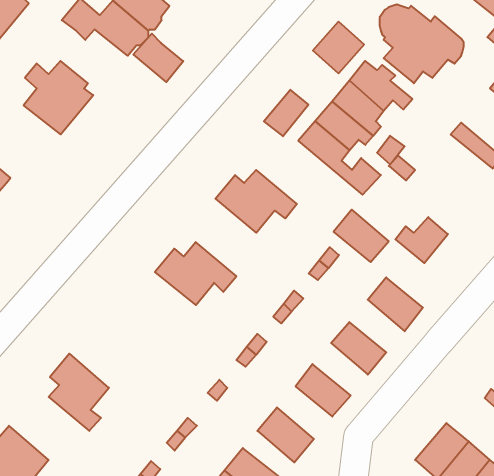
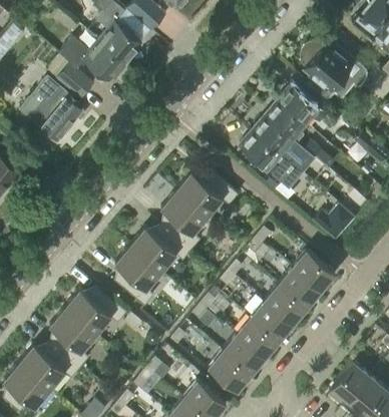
building: [313,22,364,73] -> none
building: [133,34,183,82] -> [55,62,93,99]
building: [264,90,308,136] -> none
building: none -> [160,190,207,250]
building: [334,210,389,262] -> [278,268,320,308]
building: none -> [113,247,160,307]
building: none -> [64,287,126,335]
building: none -> [250,301,292,341]
building: none -> [223,334,265,374]
building: none -> [18,342,79,390]

